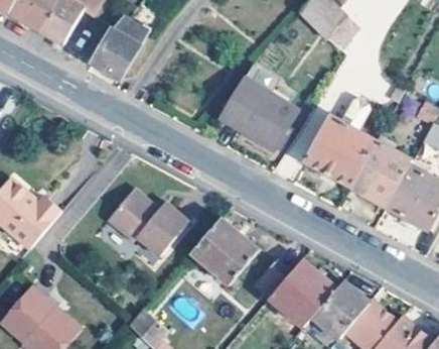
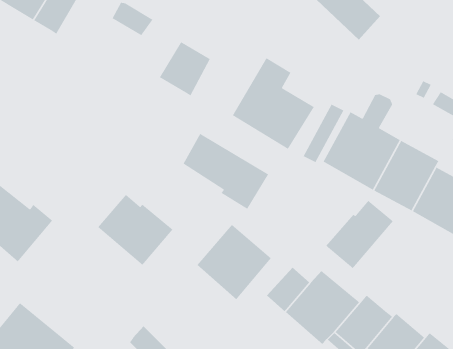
building: [93,29,140,80] -> [159,41,211,96]
building: none -> [182,133,269,210]
building: none -> [325,200,394,269]

